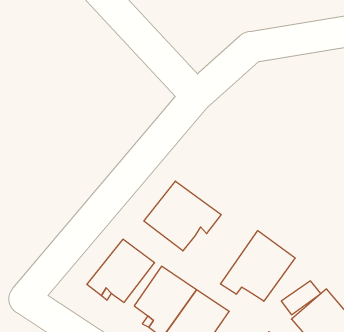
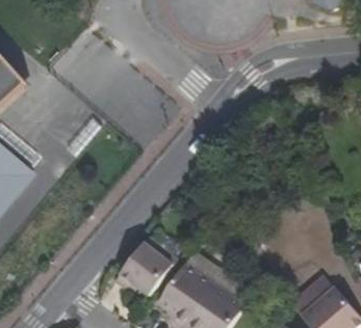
building: [144,181,221,251] -> none
building: [221,231,295,301] -> none

